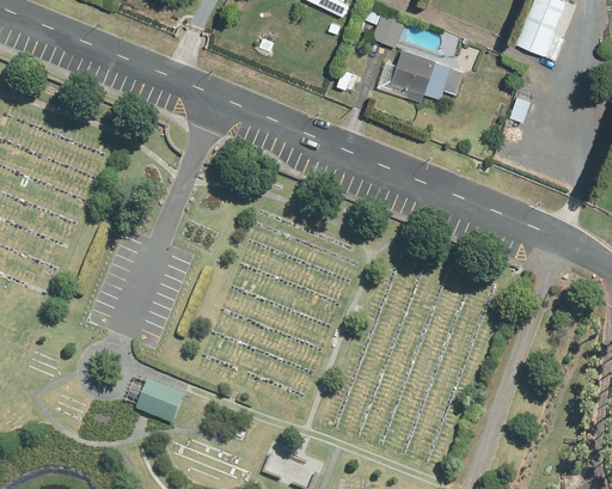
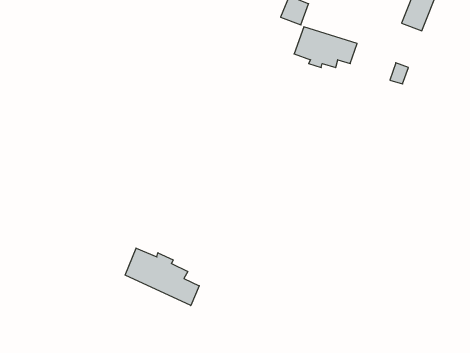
building: none -> [125,248,199,306]
building: [130,377,180,423] -> none

